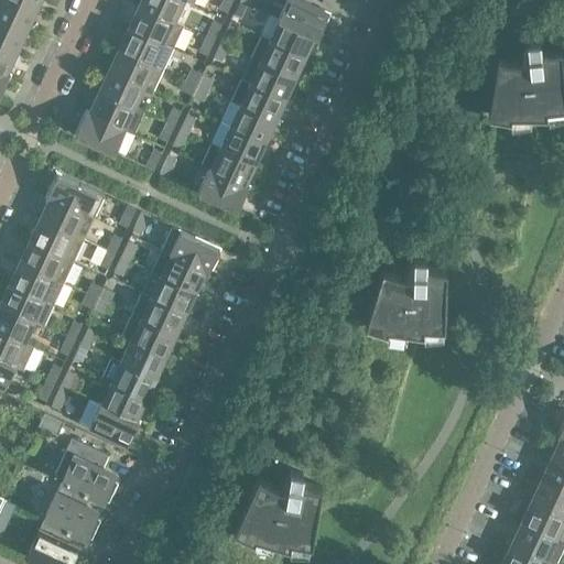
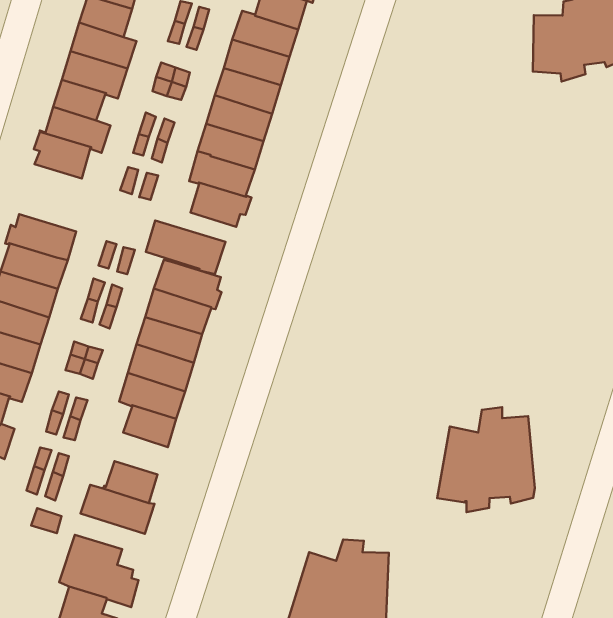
building: none -> [146,221,225,274]
building: [365,260,446,340] -> [437,407,535,512]
building: [111,362,155,400] -> none

